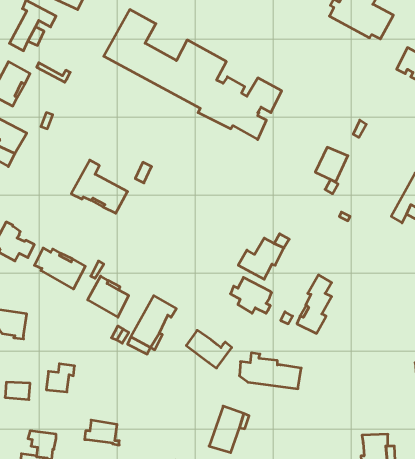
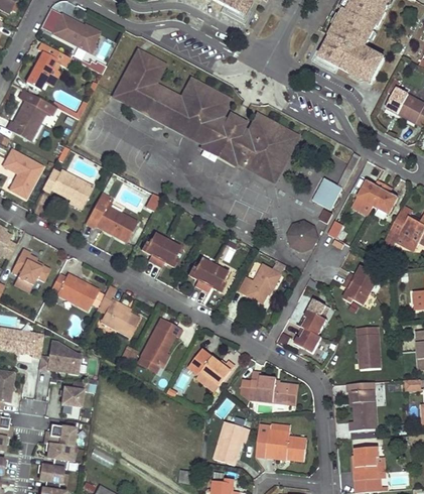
building: none -> [258,127,296,180]
building: none -> [42,167,94,209]
building: none -> [352,179,398,214]
building: none -> [289,221,318,251]
building: none -> [141,233,180,266]
building: none -> [343,265,377,304]
building: [230,277,272,313] -> [188,258,227,291]
building: none -> [357,327,381,369]
building: none -> [38,342,82,374]
building: none -> [349,390,377,430]
building: none -> [255,424,306,461]
building: [85,420,119,445] -> [44,425,77,449]

